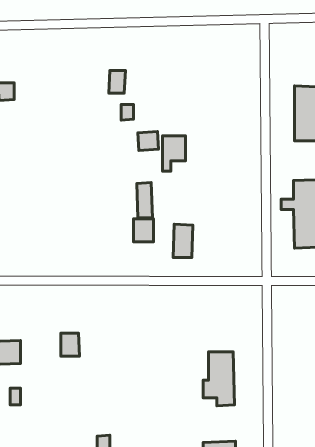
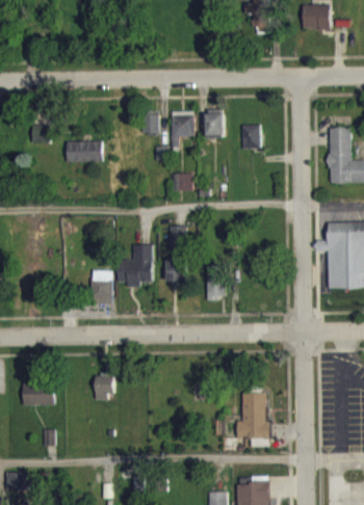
building: none -> [205,110,224,137]
building: none -> [241,124,260,149]
building: none -> [66,140,102,162]
building: [163,136,185,171] -> [171,111,193,147]
building: none -> [119,244,153,287]
building: none -> [92,270,112,297]

